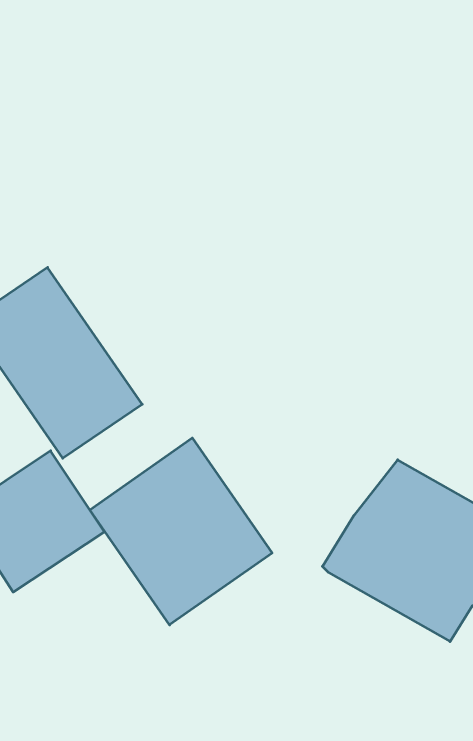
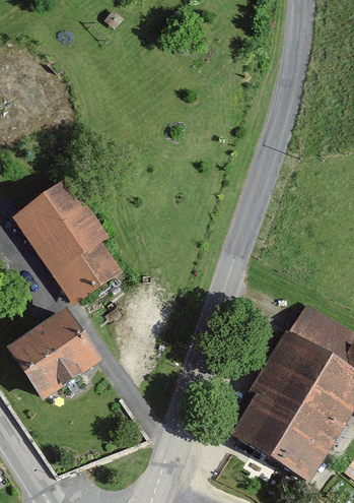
building: [90,438,272,625] -> none
building: none -> [231,388,337,477]

